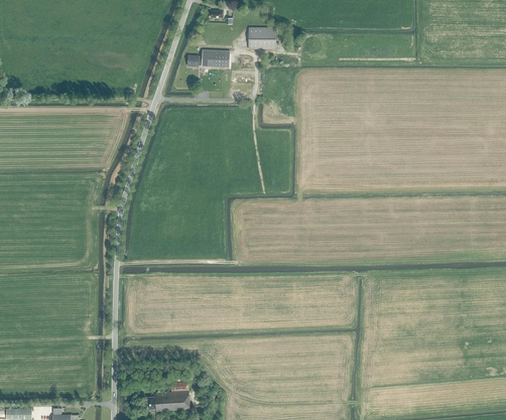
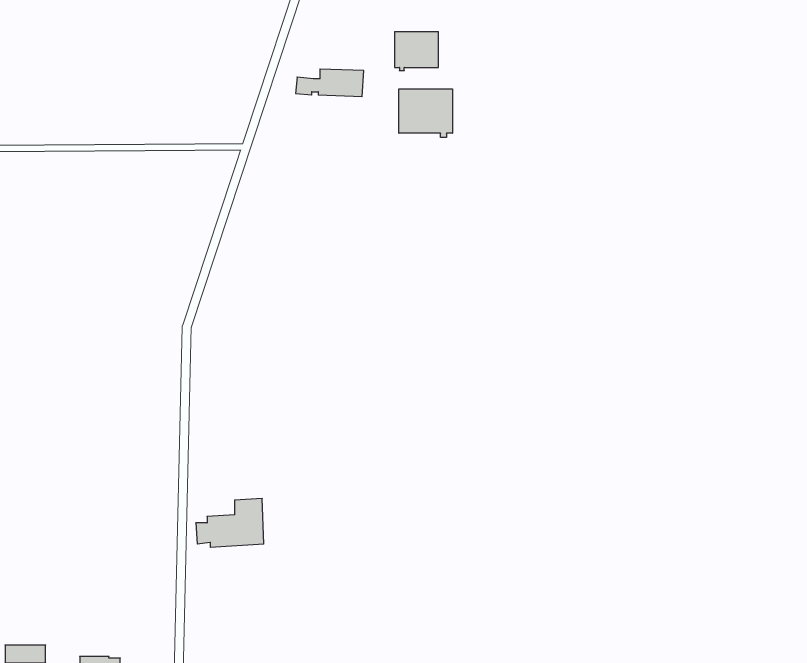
building: none -> [399,89,452,137]
building: [146,381,188,411] -> [196,499,264,547]

